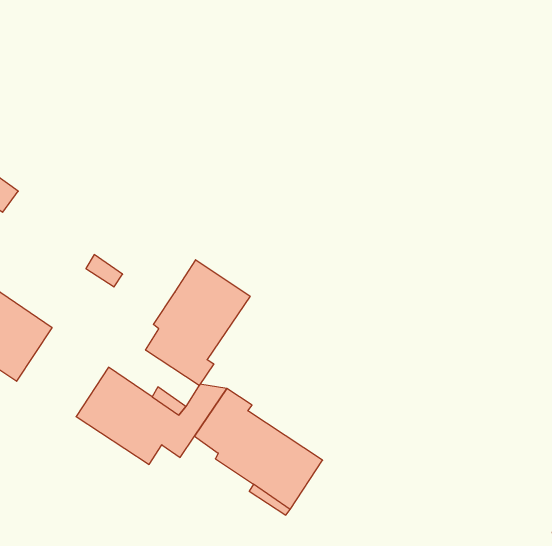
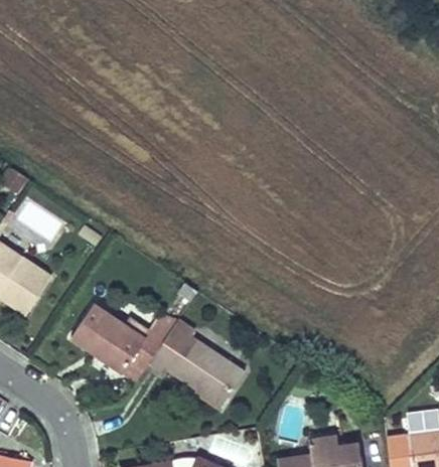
building: [146,260,250,385] -> none

